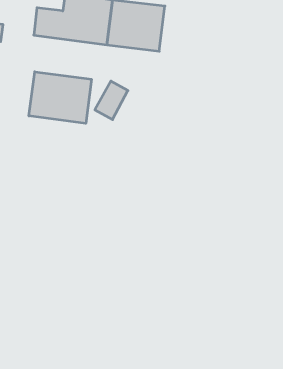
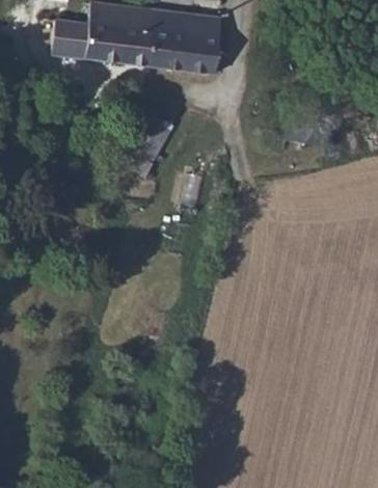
building: [29,72,91,123] -> none

